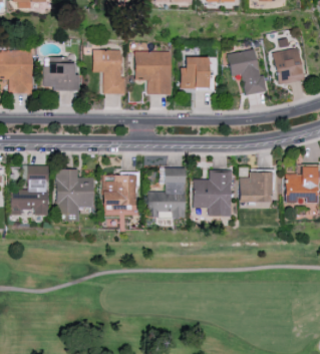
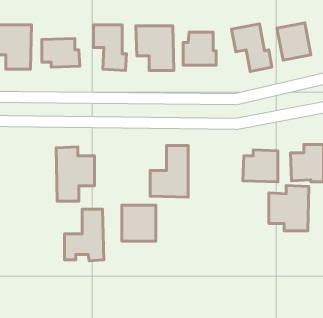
building: [11,165,49,216] -> [64,209,104,261]
building: [193,171,232,216] -> [269,185,309,231]
building: [103,173,136,209] -> [122,205,156,241]

